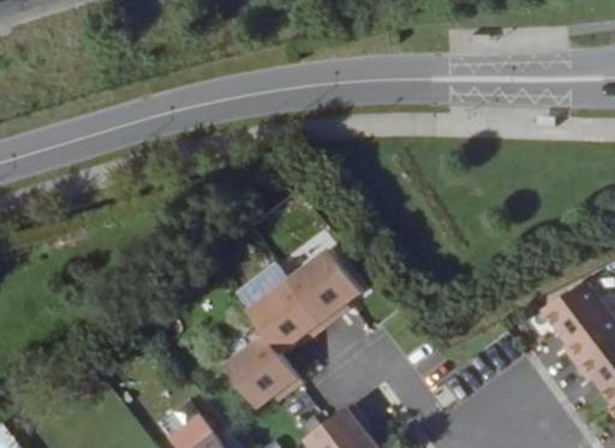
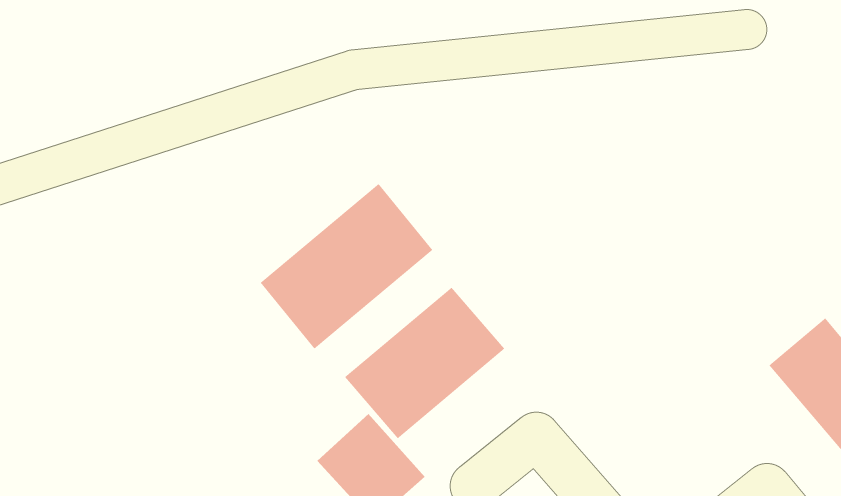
building: none -> [260,183,433,350]

